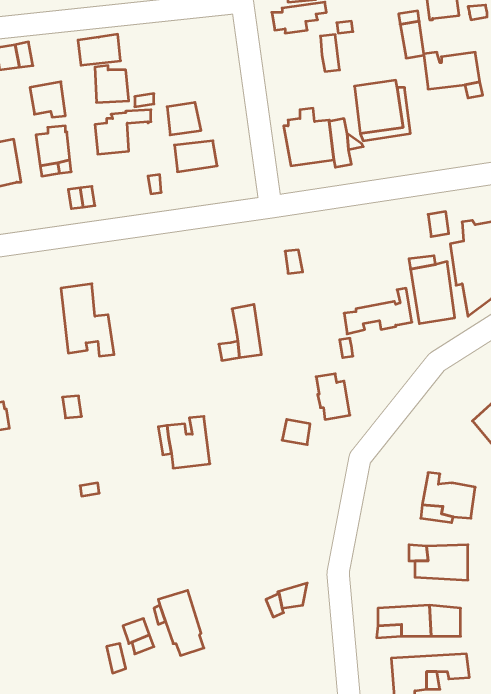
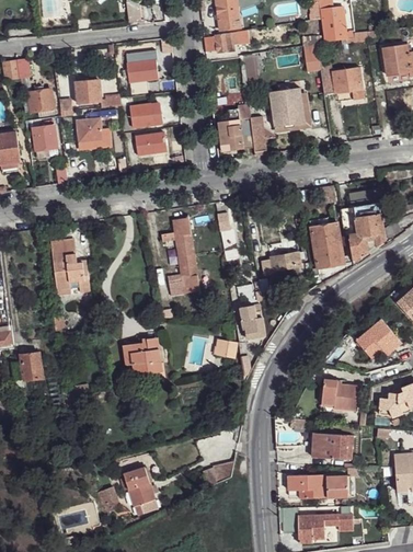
building: [78,34,121,65] -> [126,58,158,81]
building: none -> [172,217,194,256]
building: none -> [20,352,43,379]

